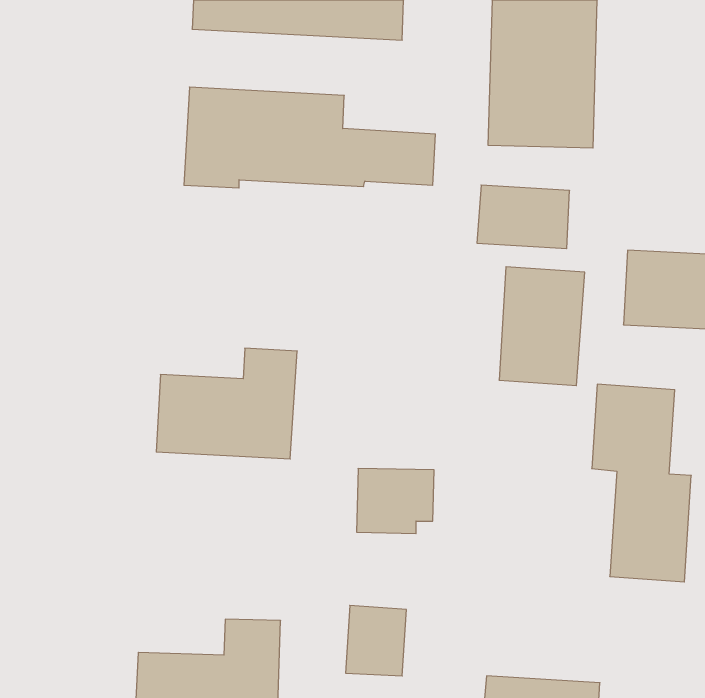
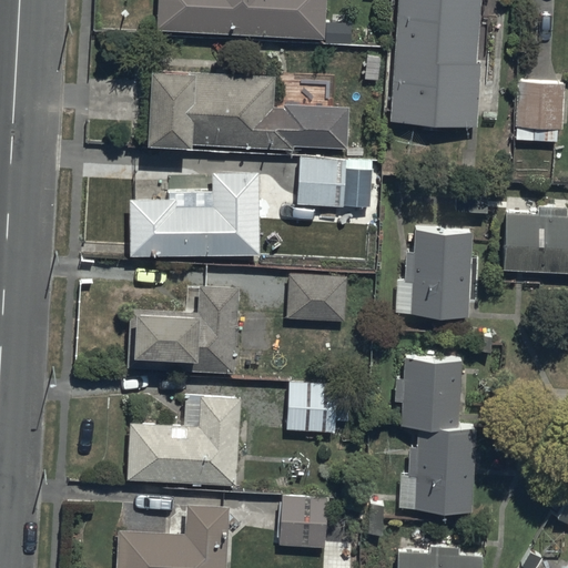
building: none -> [516,79,562,145]
building: [477,185,570,249] -> [298,164,373,215]
building: none -> [129,170,260,256]
building: none -> [286,273,348,323]
building: [592,384,691,582] -> [394,353,474,511]
building: none -> [124,394,241,481]

